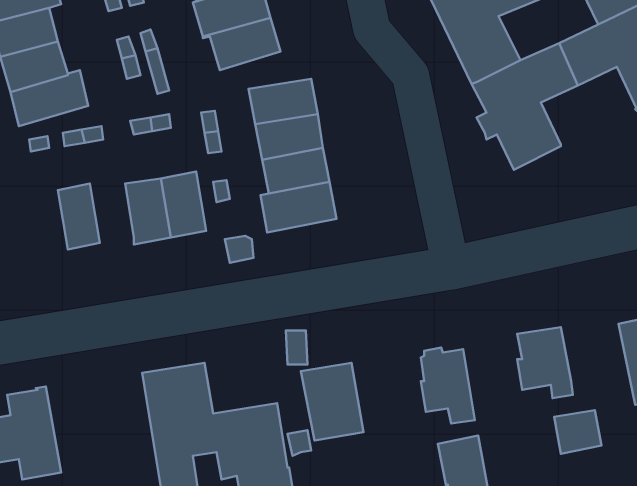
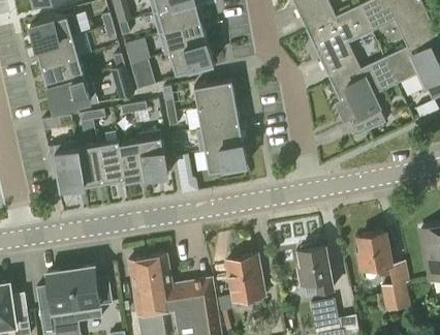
building: none -> [97,142,124,181]
building: none -> [50,143,85,190]
building: none -> [70,267,113,322]

